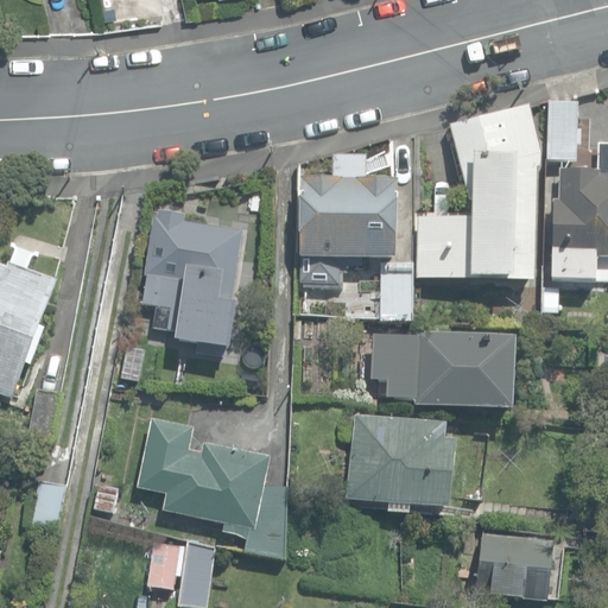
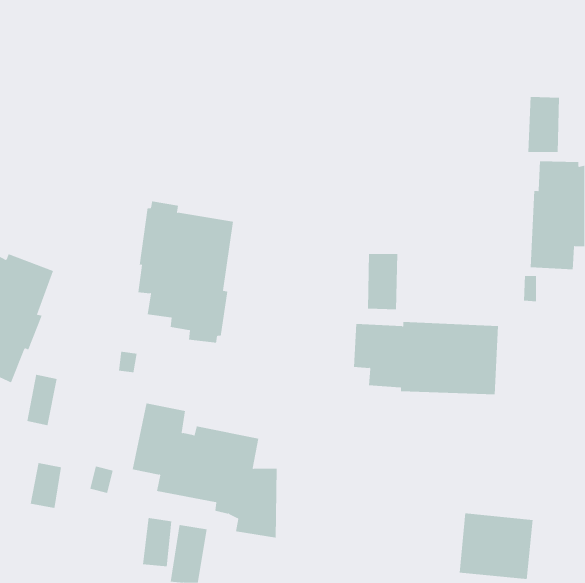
building: [416,103,540,280] -> none
building: [294,153,395,286] -> none
building: [344,413,455,508] -> none

